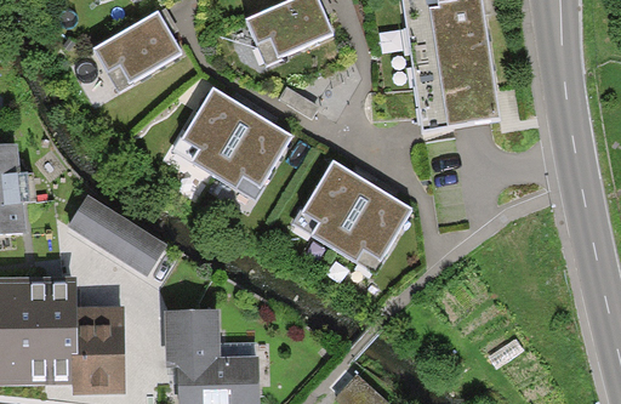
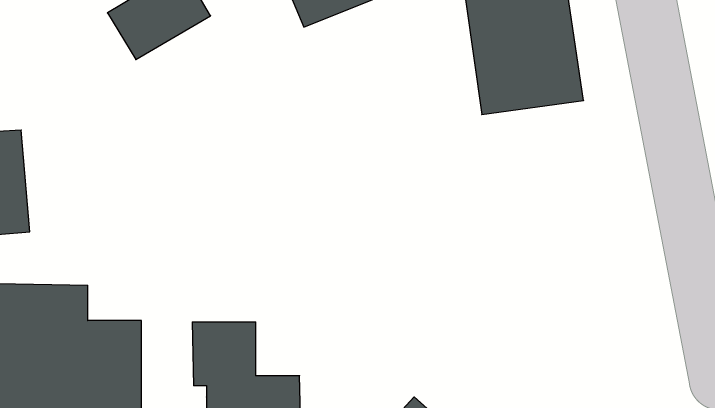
building: [173,85,291,197] -> none
building: [292,159,411,271] -> none
building: [68,197,165,277] -> none

